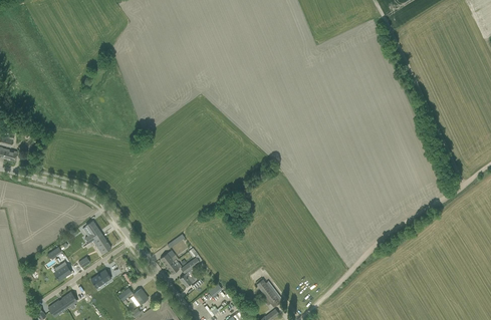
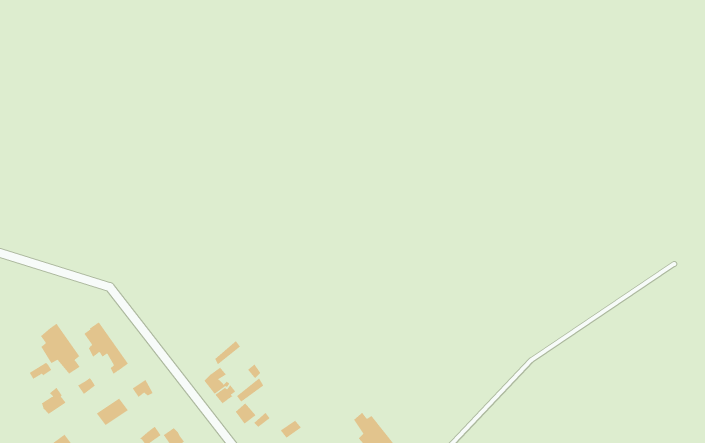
building: none -> [40,323,80,375]

